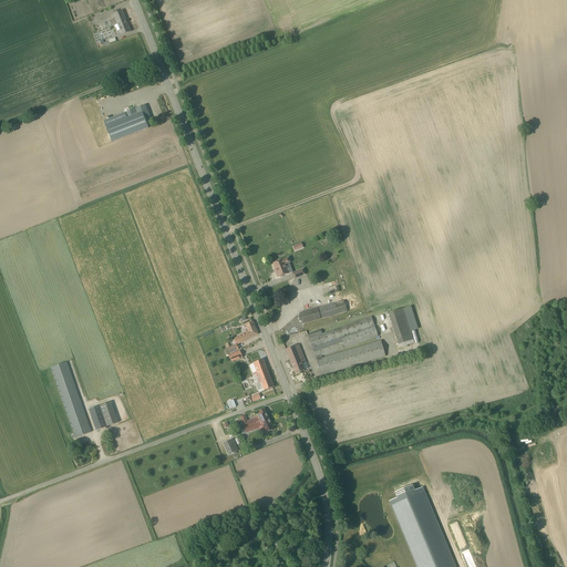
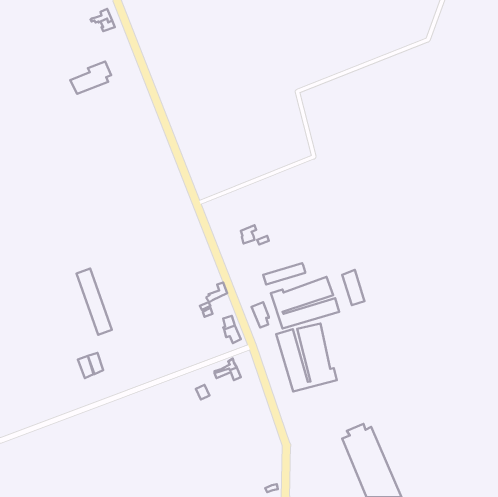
building: [105,104,152,141] -> [70,62,111,94]
building: [51,361,91,436] -> [77,269,112,335]
building: none -> [276,324,337,392]

